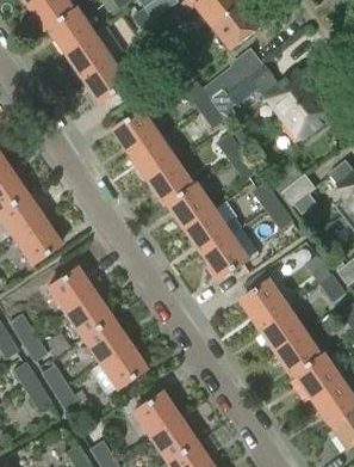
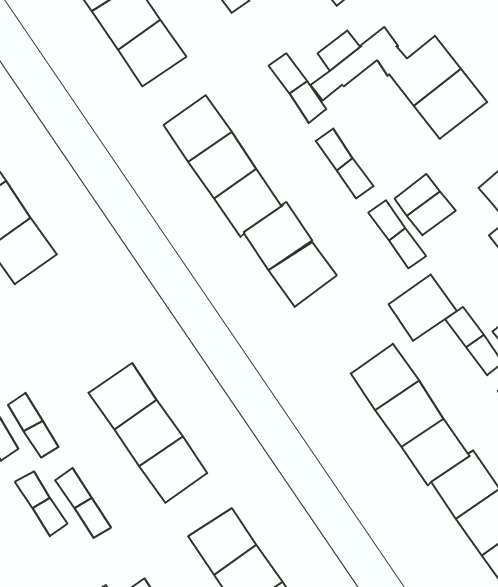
building: [14,219,61,265] -> none
building: [205,234,251,279] -> [389,274,457,341]
building: [46,268,94,313] -> none

